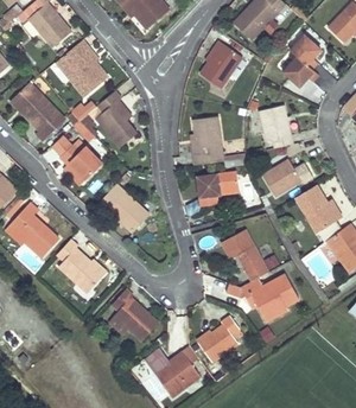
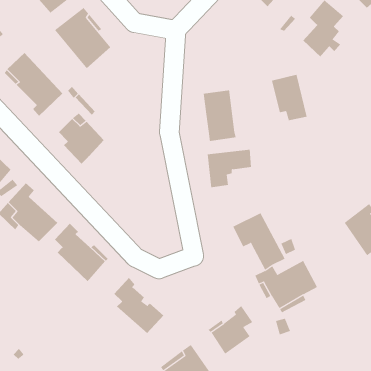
building: [199,40,242,88] -> none
building: [95,89,138,147] -> none
building: [260,158,310,192] -> none
building: [98,183,148,232] -> none
building: [292,183,339,231] -> none

